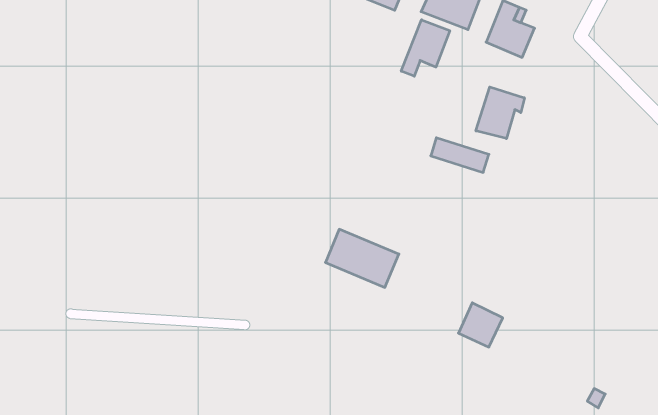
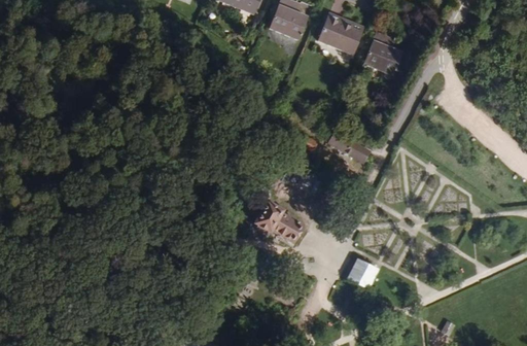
building: [401,20,450,76] -> none
building: [476,87,524,139] -> none

